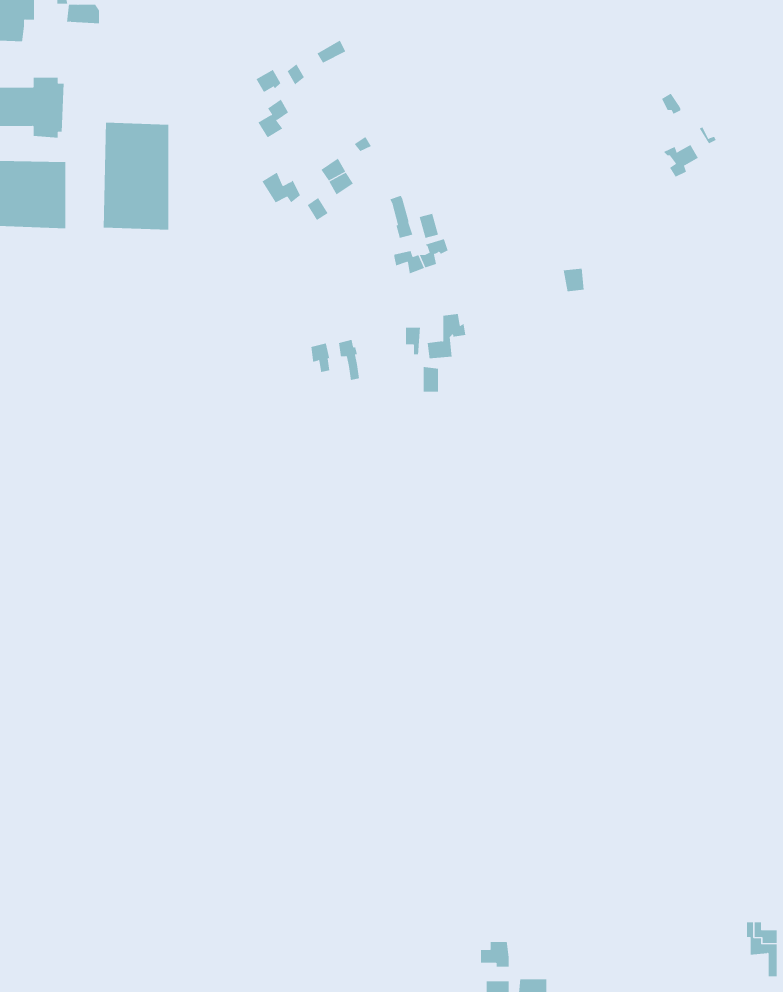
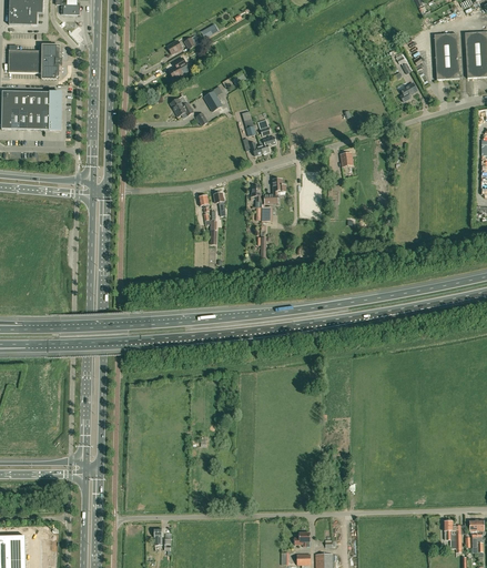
building: none -> [434,32,459,79]
building: [103,122,169,231] -> none

